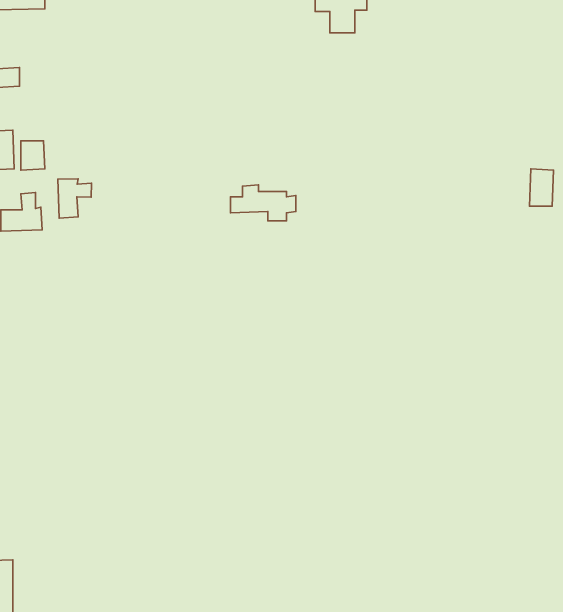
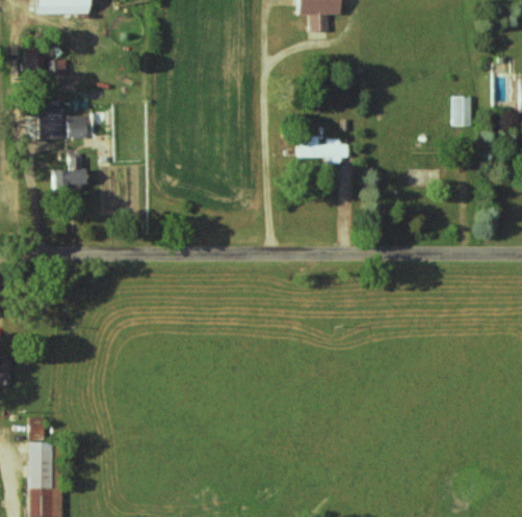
building: [530,169,553,206] -> [453,96,472,125]
building: [58,179,91,218] -> none
building: [231,185,296,221] -> [296,135,347,163]

